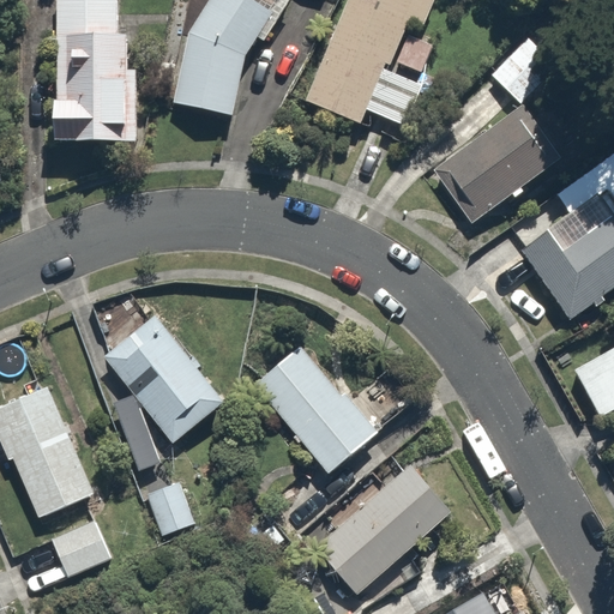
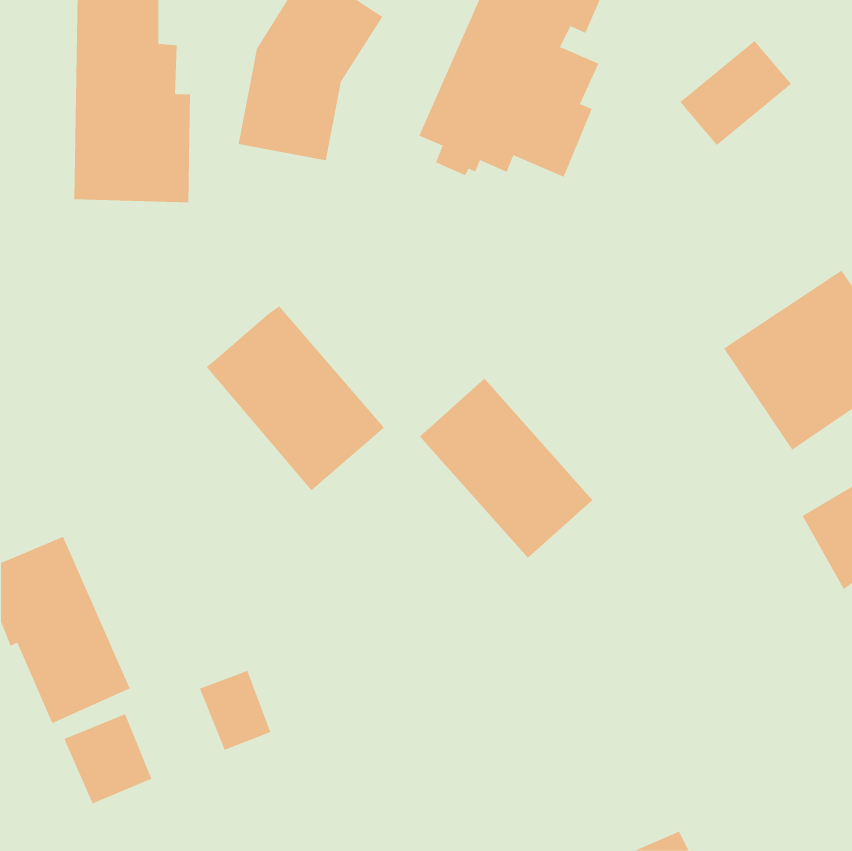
building: [432,104,560,221] -> none
building: [100,313,228,446] -> [206,305,385,491]
building: [252,344,377,474] -> [419,378,593,559]
building: [315,460,452,591] -> none

